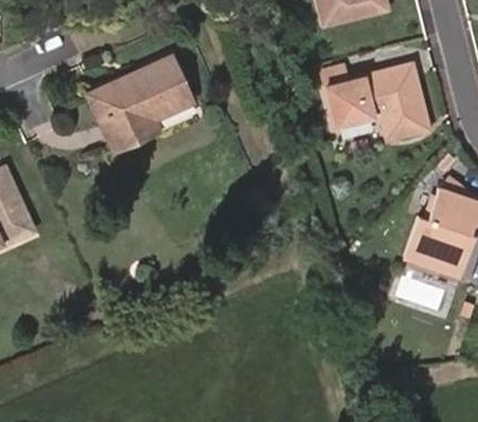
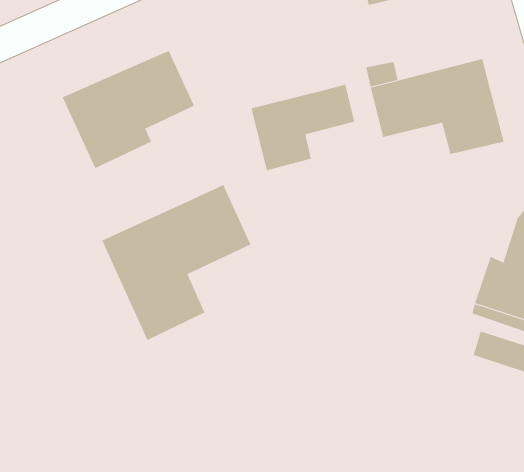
building: none -> [251,84,355,171]
building: none -> [102,184,251,341]

